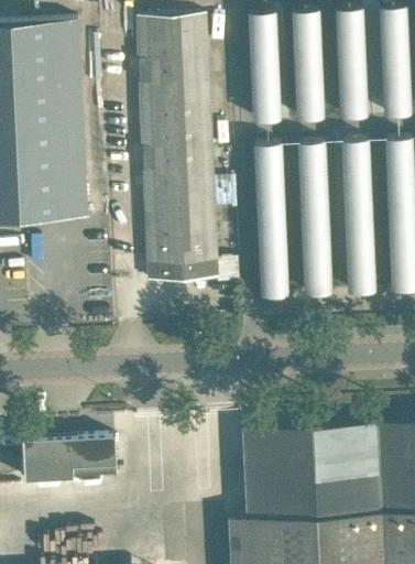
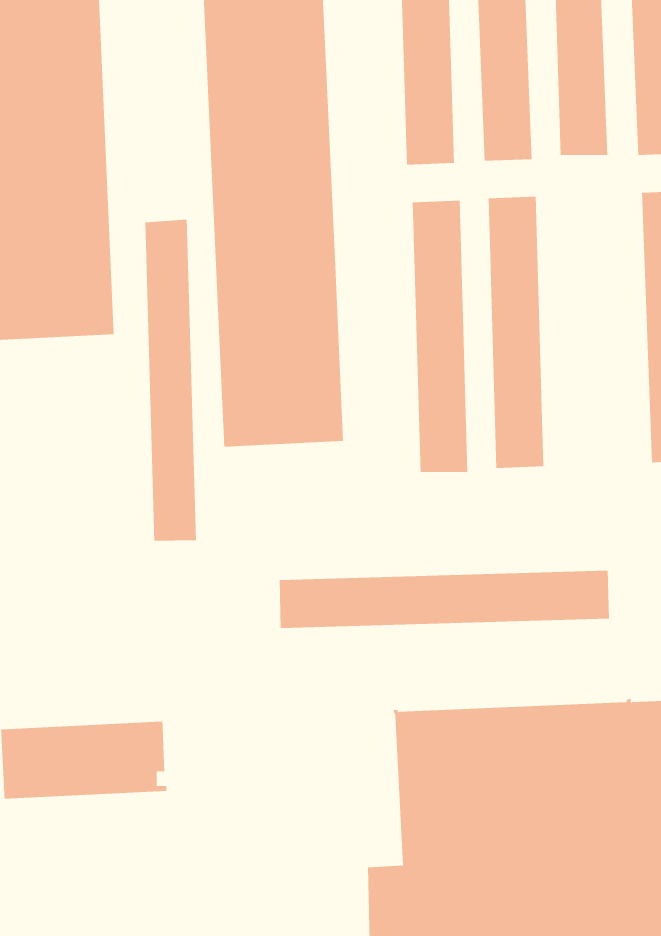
building: [341,138,374,293] -> none
building: none -> [145,219,196,542]
building: none -> [279,570,609,629]

